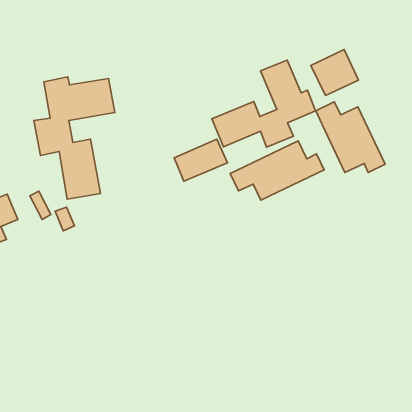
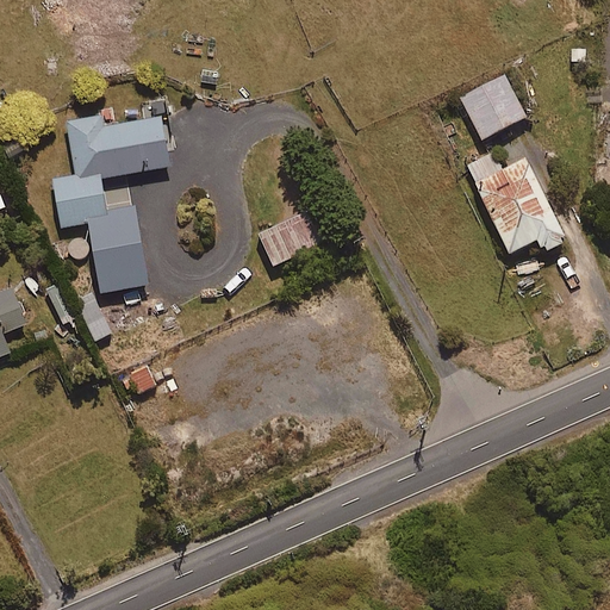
building: [212,60,316,147] -> none
building: [230,141,324,200] -> none

